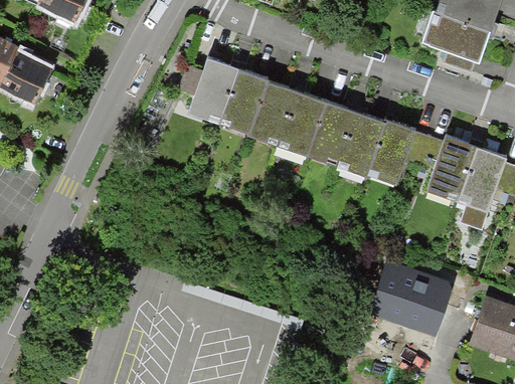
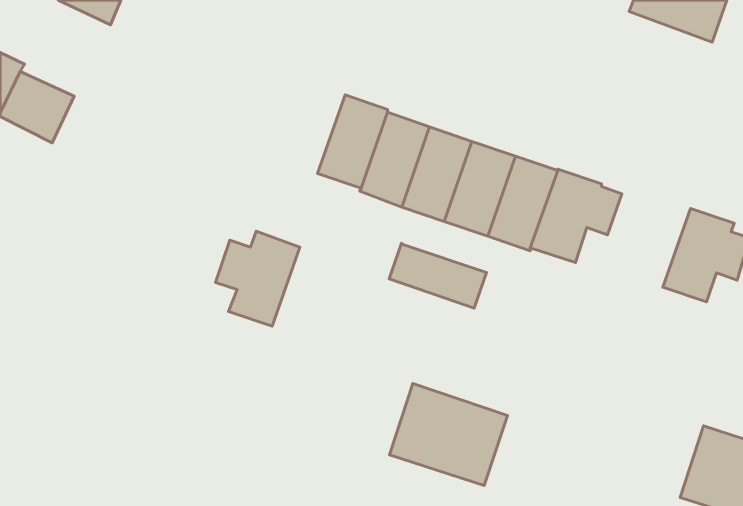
building: [423,11,492,62] -> none
building: [180,57,238,123] -> [215,231,300,326]
building: [419,136,477,201] -> none
building: none -> [389,243,487,308]
building: [371,262,453,333] -> [389,383,507,486]

